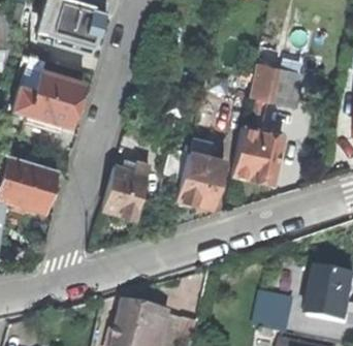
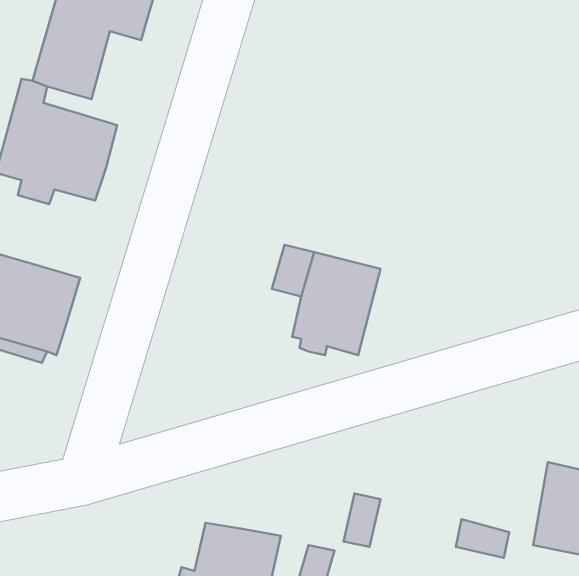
building: [251,62,307,106] -> none
building: [233,125,285,183] -> none
building: [102,163,152,221] -> none

